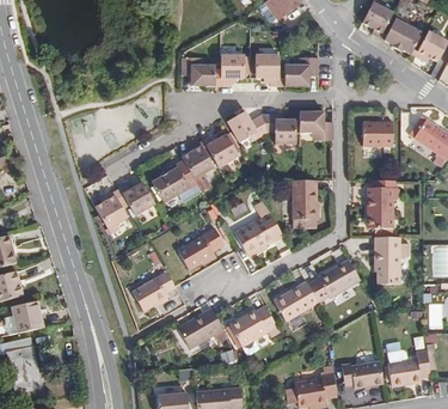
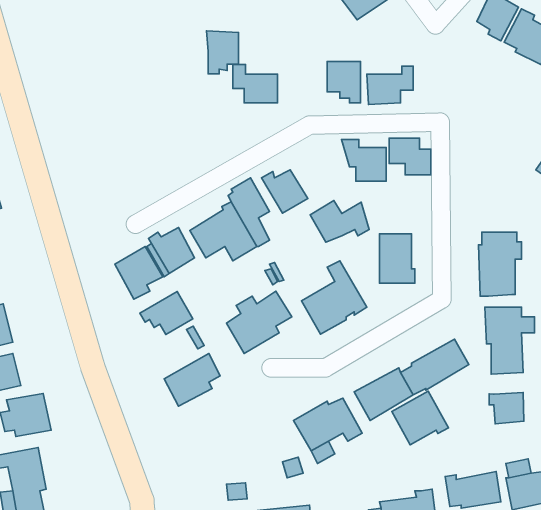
building: [220,51,244,84] -> [206,31,238,74]
building: [226,110,270,141] -> [310,201,369,242]
building: [363,121,393,147] -> none
building: none -> [140,292,193,335]
building: none -> [392,391,449,445]
building: none -> [489,392,524,424]
building: [179,309,228,347] -> none

